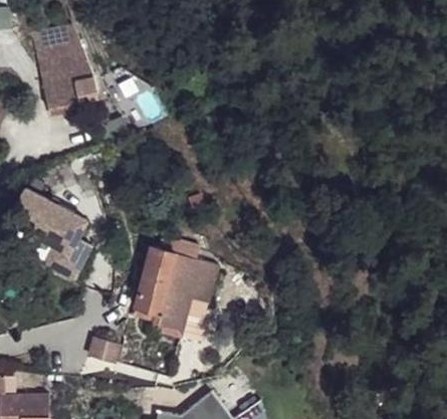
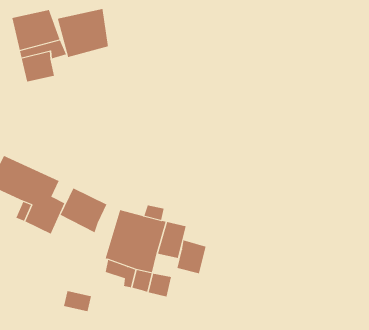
building: none -> [57,8,108,58]
building: none -> [60,188,107,233]
building: none -> [177,240,206,274]

